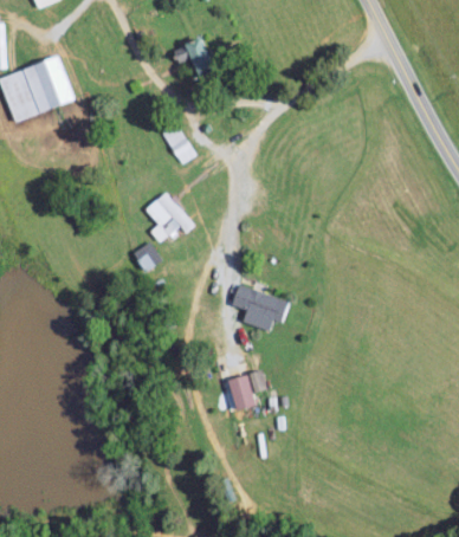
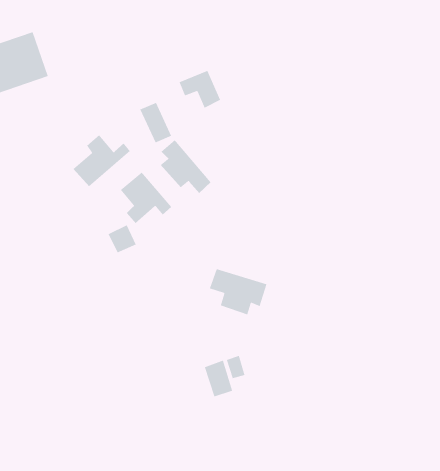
building: [170,38,212,76] -> [179,70,221,109]
building: none -> [73,134,131,187]
building: none -> [160,139,212,194]

